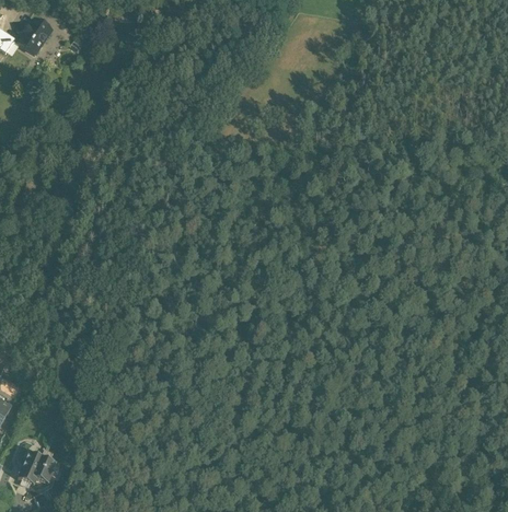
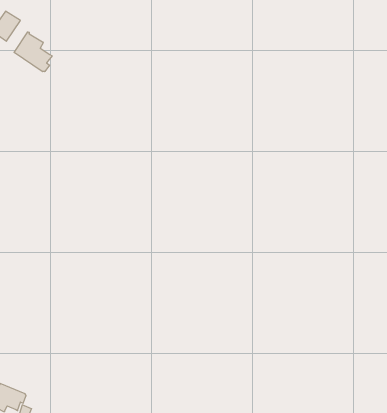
building: none -> [14,32,52,72]

